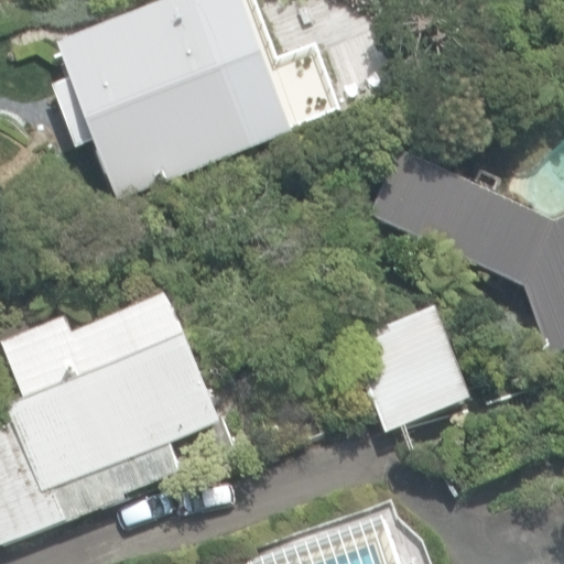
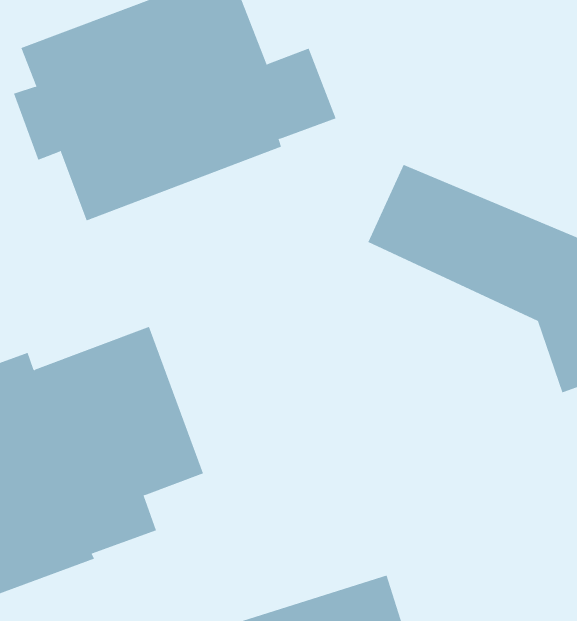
building: [354,310,475,430] -> none

